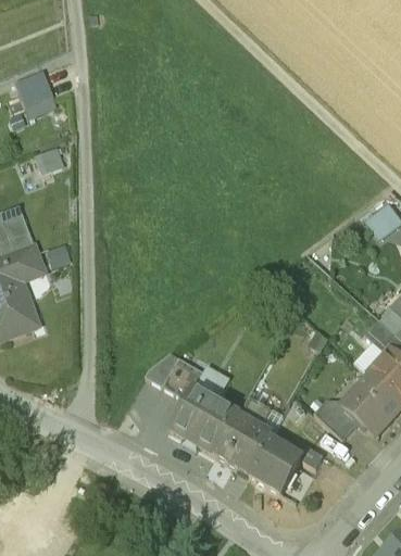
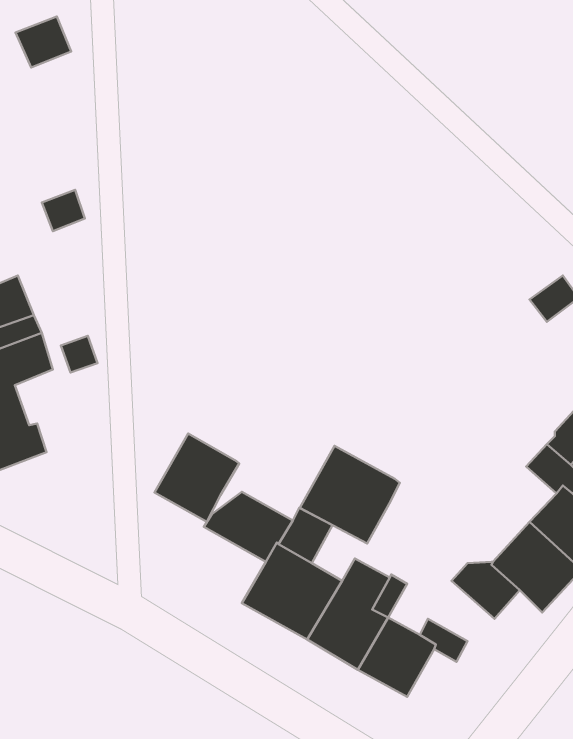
building: [14,73,52,108] -> [15,16,71,67]
building: none -> [154,434,239,522]
building: none -> [300,446,400,544]

